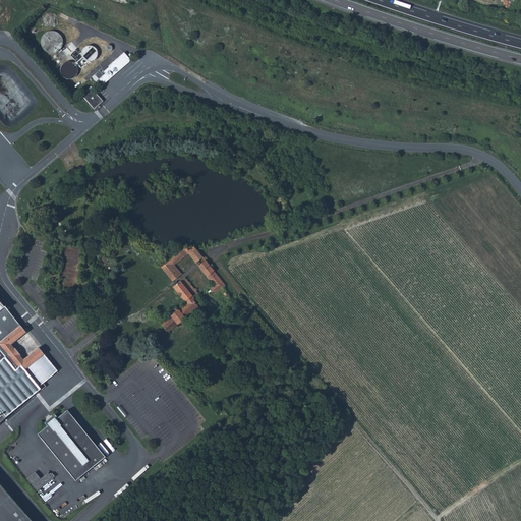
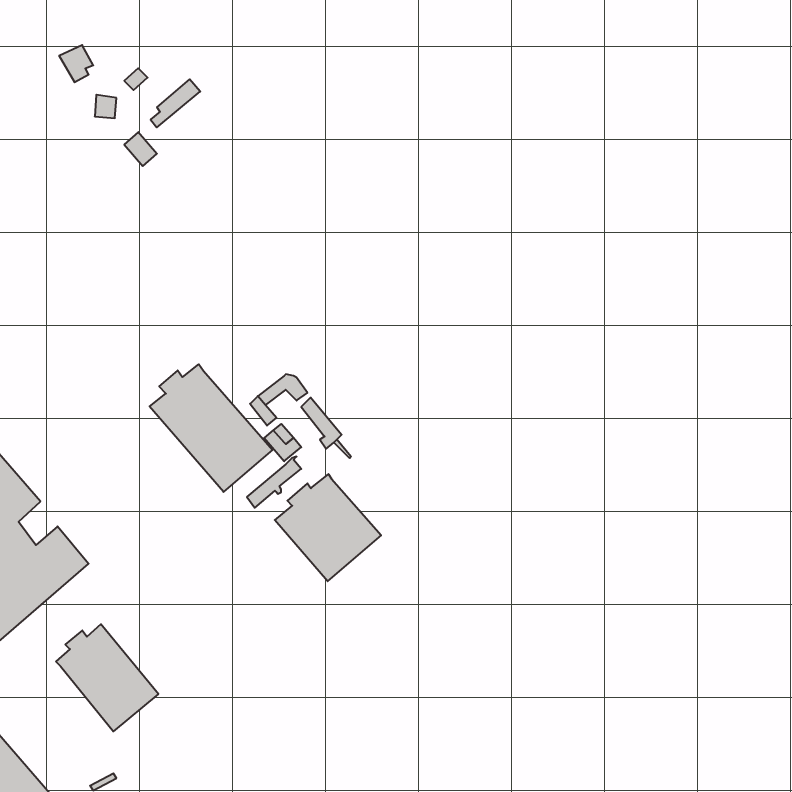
building: none -> [150,364,273,492]
building: none -> [275,474,381,581]

